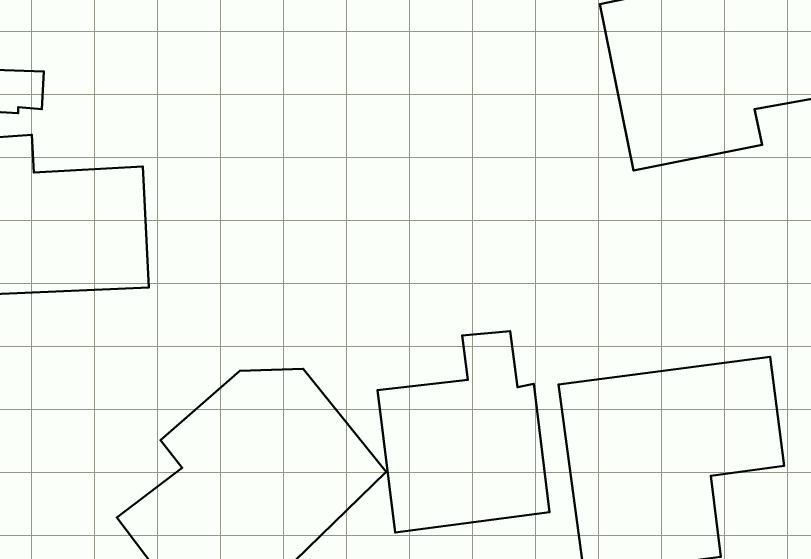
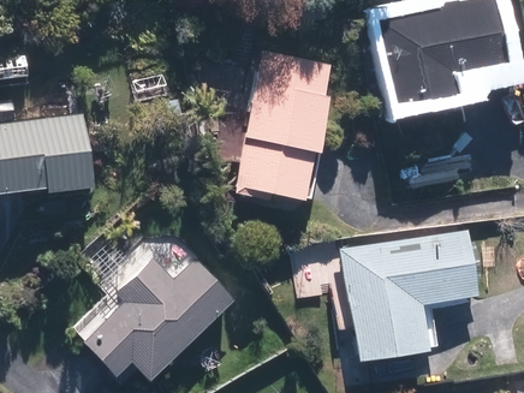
building: none -> [237,49,334,202]
building: [377,331,549,532] -> none

